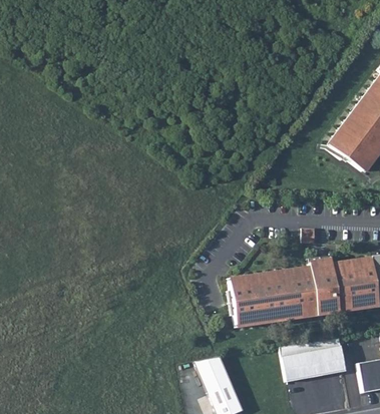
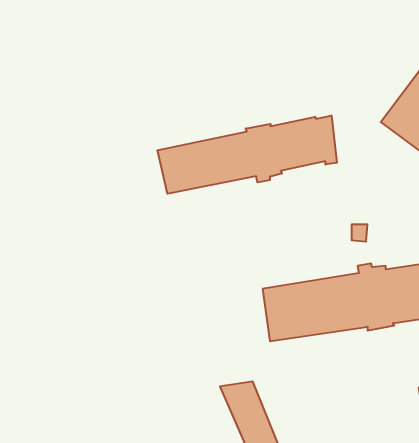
building: none -> [157,115,337,194]
building: [282,339,347,381] -> none

